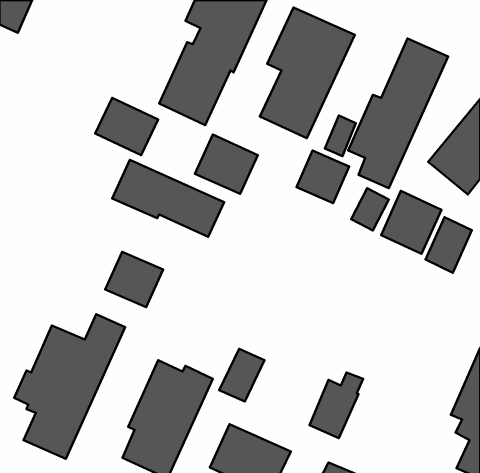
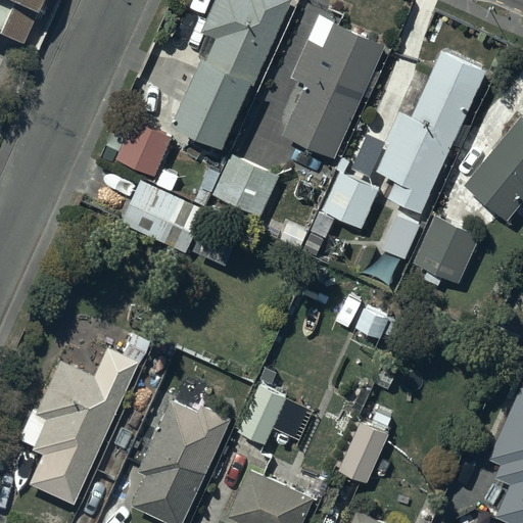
building: [426,217,472,273] -> none
building: [105,252,163,307] -> none

